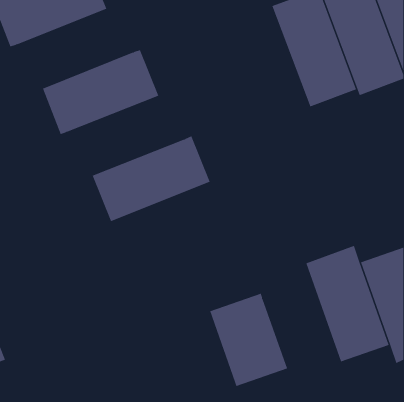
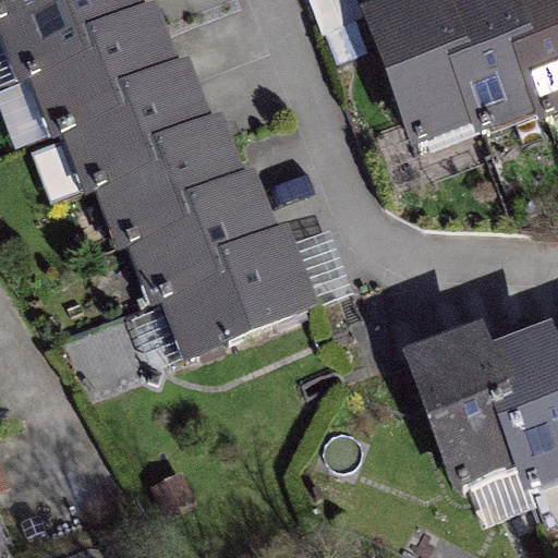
building: none -> [23,8,179,122]
building: none -> [89,124,247,240]
building: none -> [157,241,317,356]
building: [209,293,288,387] -> none

